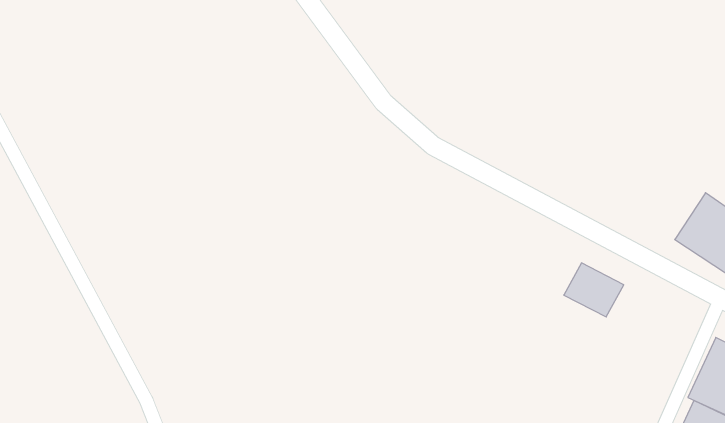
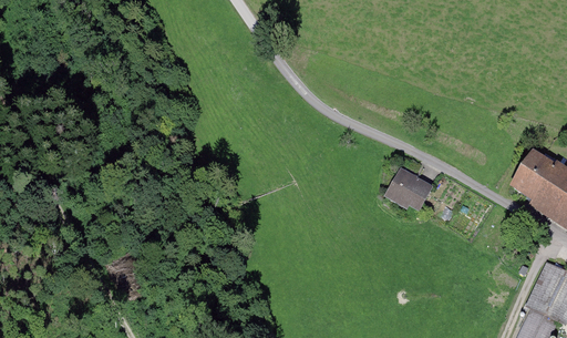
building: [564,263,624,317] -> [389,171,434,212]

